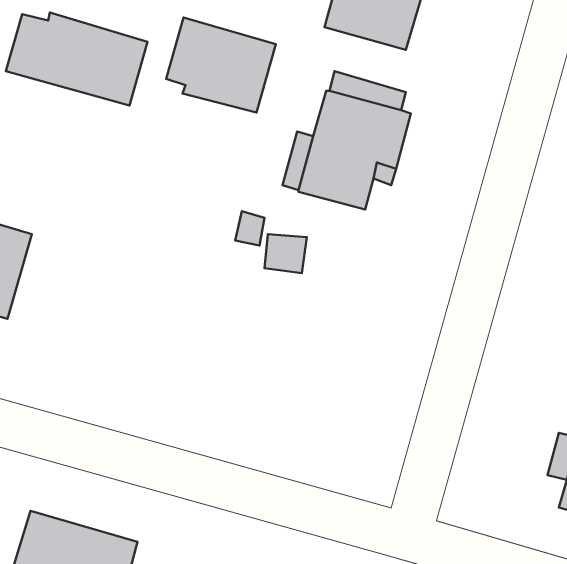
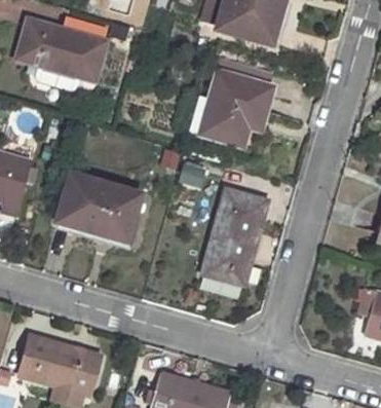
building: [166,17,276,113] -> none
building: none -> [58,175,139,240]
building: none -> [204,190,267,284]

